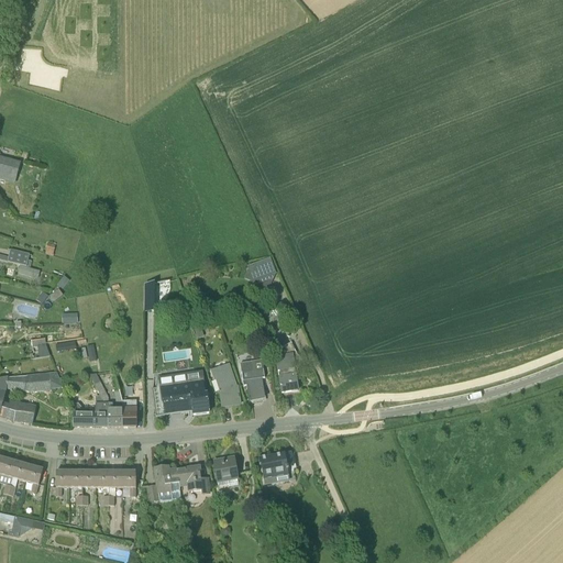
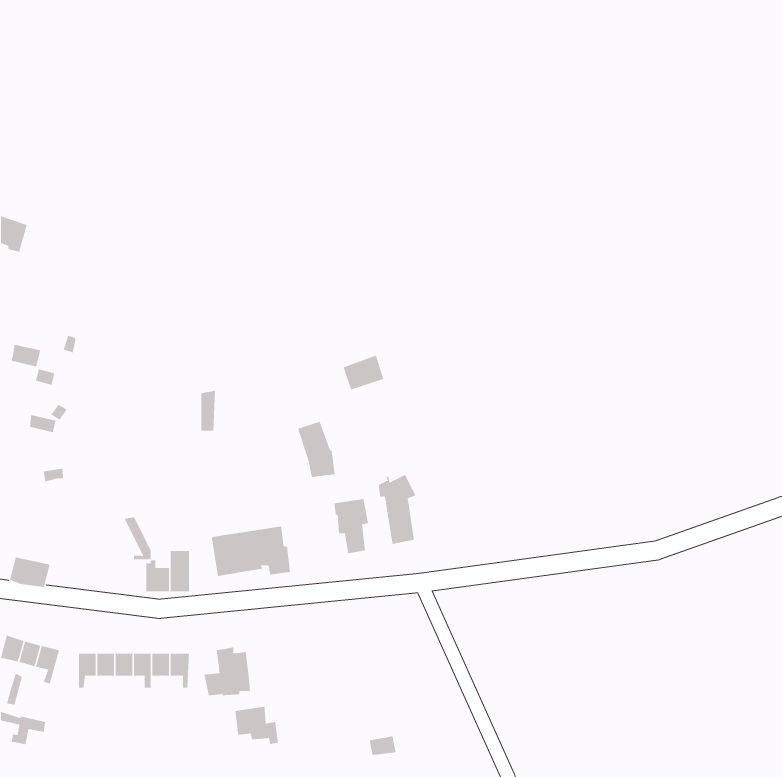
building: [212,364,240,405] -> [297,421,336,478]
building: [5,371,63,390] -> none
building: [73,402,108,426] -> none
building: [261,451,292,474] -> none
building: [214,456,238,483] -> none
building: [177,465,209,493] -> [235,706,279,744]

